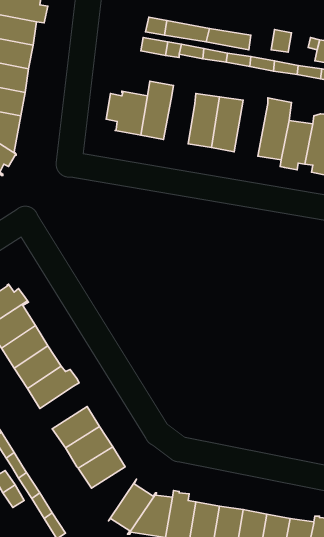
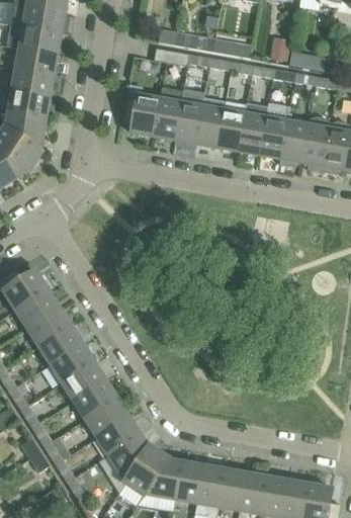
building: none -> [173,103,201,144]
building: none -> [237,103,267,155]
building: none -> [62,362,104,401]
building: none -> [108,435,149,484]

